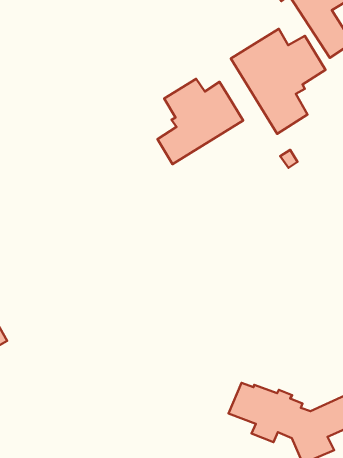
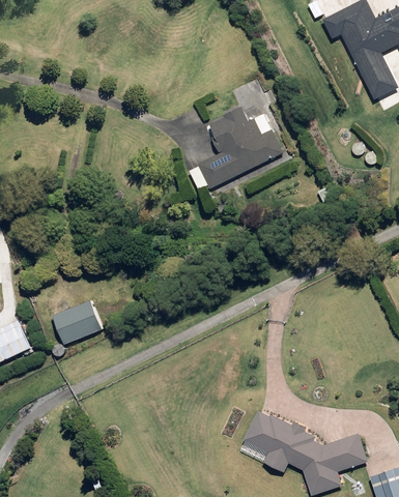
building: [231,29,325,134] -> none
building: none -> [52,299,104,346]

